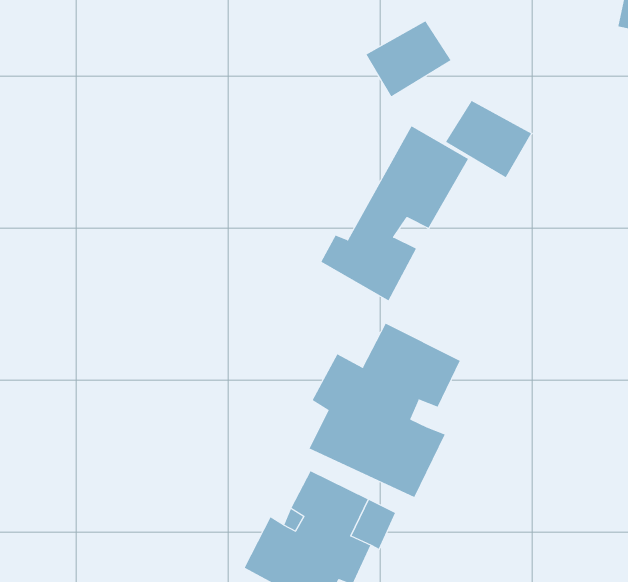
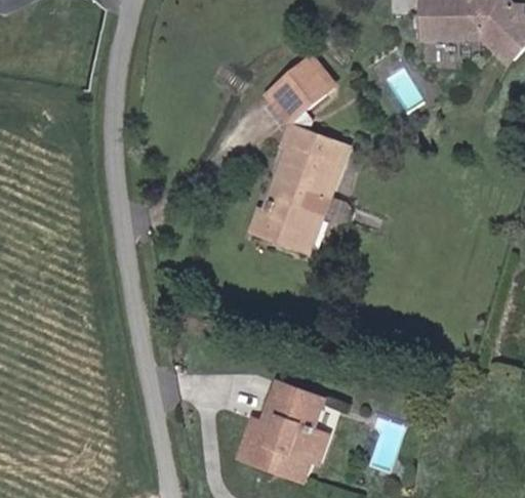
building: [445,100,532,178] -> none
building: [309,323,461,498] -> none

